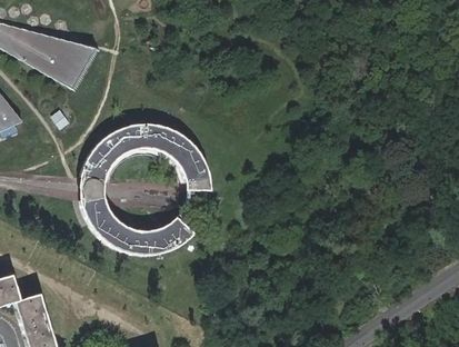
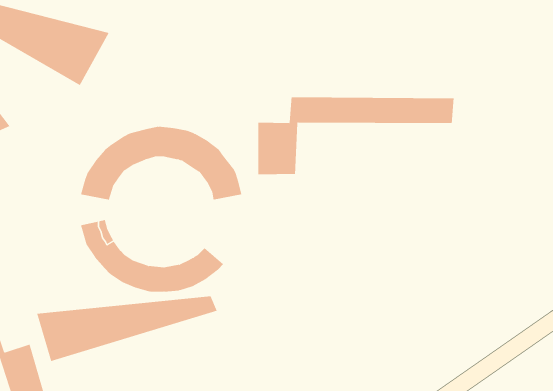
building: none -> [258,97,454,175]
building: none -> [36,296,217,362]

